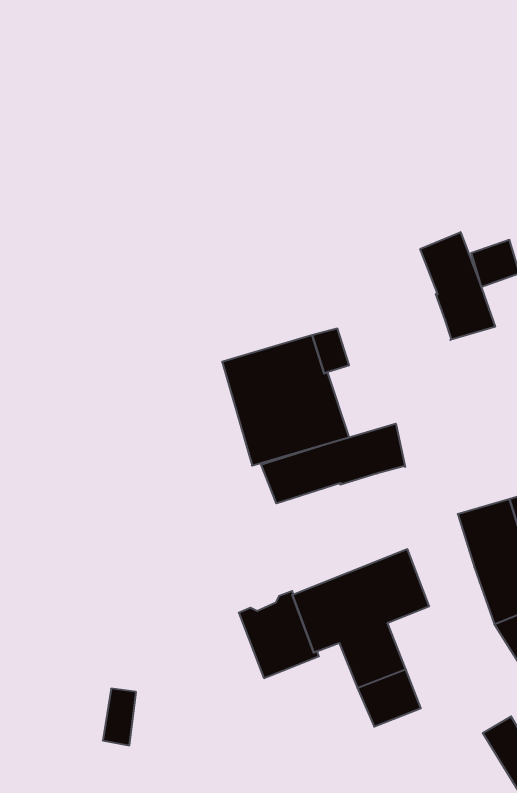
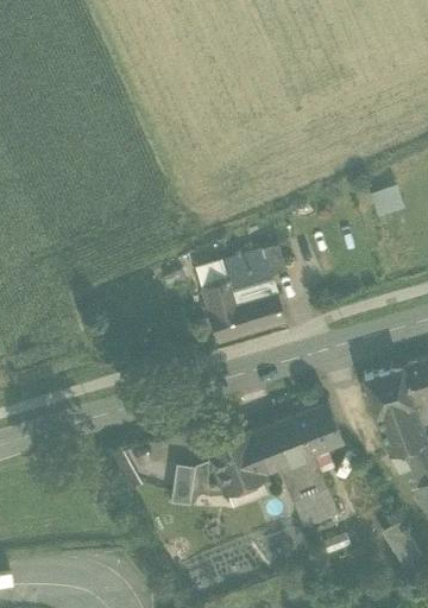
building: [420,232,495,340] -> none
building: [261,424,405,503] -> none
building: [103,689,136,745] -> [171,466,195,506]

